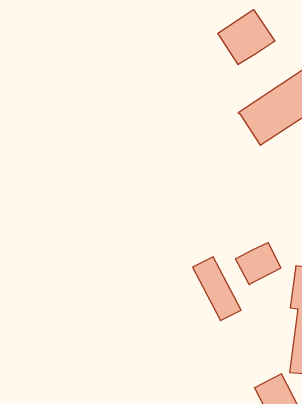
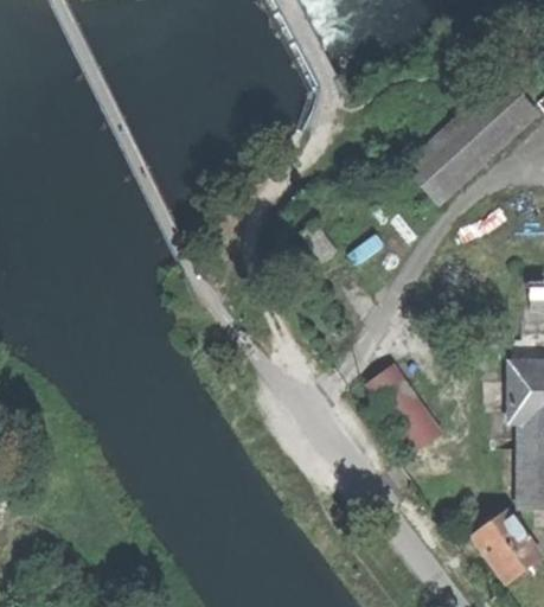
building: [218,10,275,65] -> none
building: [236,243,281,285] -> none

